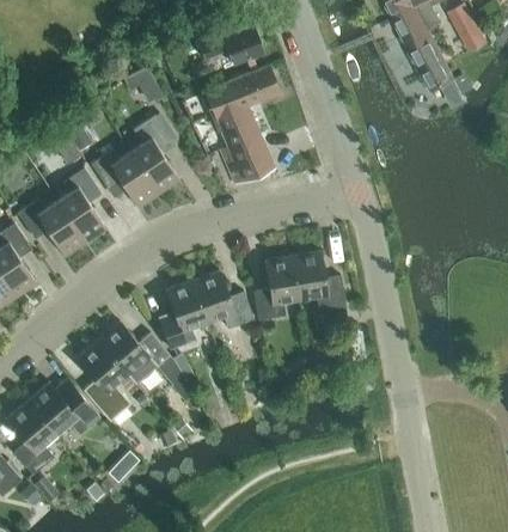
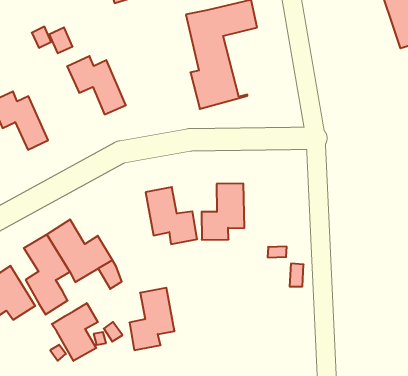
building: [130,116,179,194] -> none
building: [56,169,105,243] -> none
building: [292,250,347,311] -> none
building: [160,280,208,349] -> [129,288,175,350]
building: none -> [52,303,98,361]

